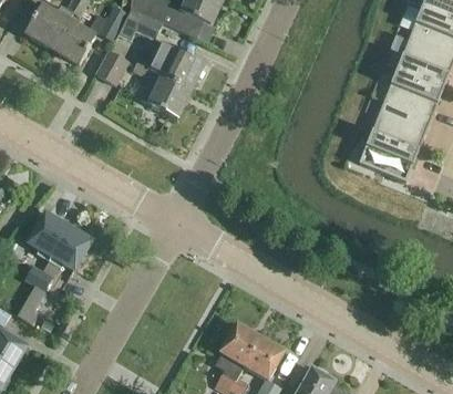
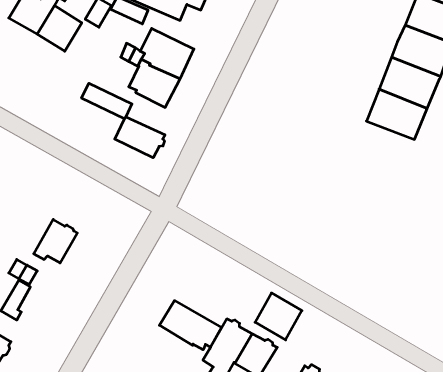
building: [96,50,128,84] -> none
building: none -> [82,83,165,158]
building: [359,132,418,182] -> none
building: [28,214,68,260] -> none
building: none -> [255,293,302,340]
building: none -> [159,301,222,350]

